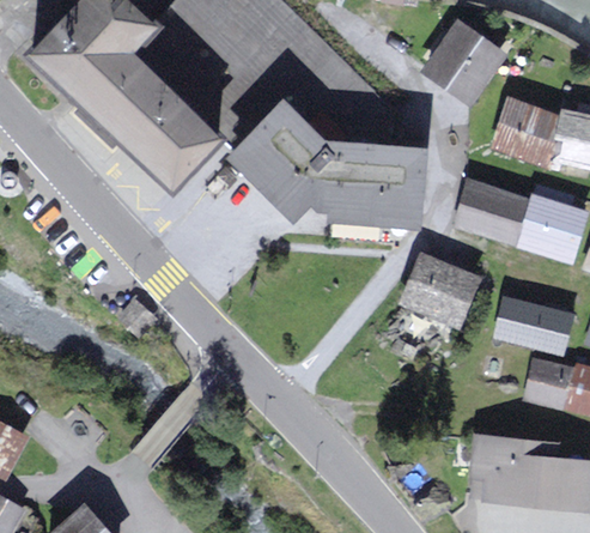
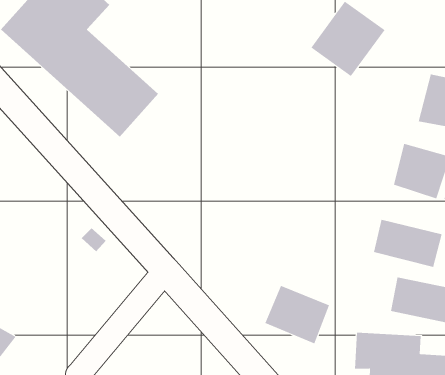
building: [493,99,559,160] -> none
building: [233,102,416,222] -> none
building: [445,174,527,249] -> none
building: [399,255,481,329] -> [264,285,330,344]

